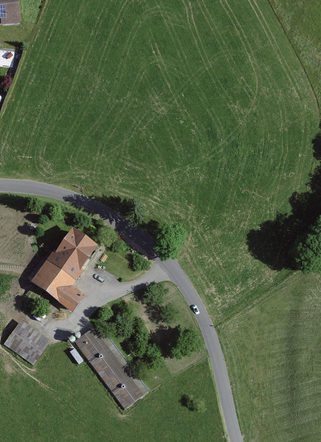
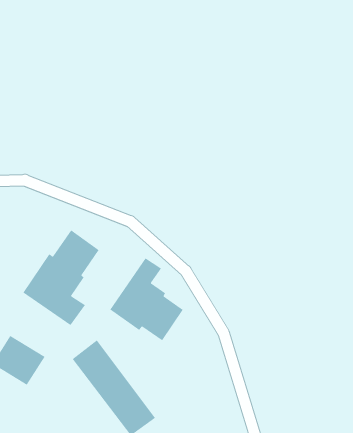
building: none -> [109,258,184,341]

